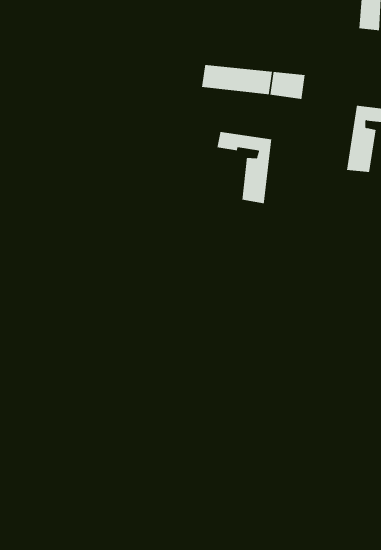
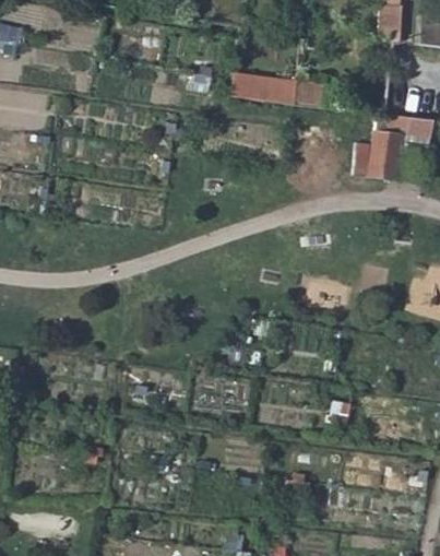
building: [217,131,272,204] -> none

